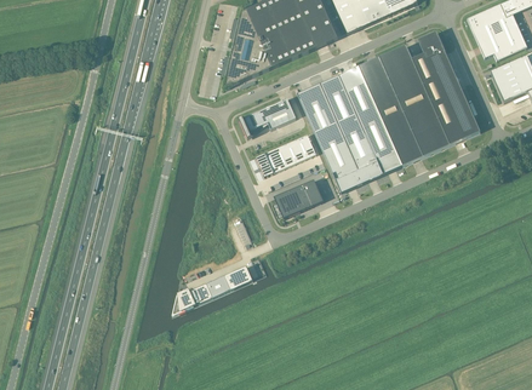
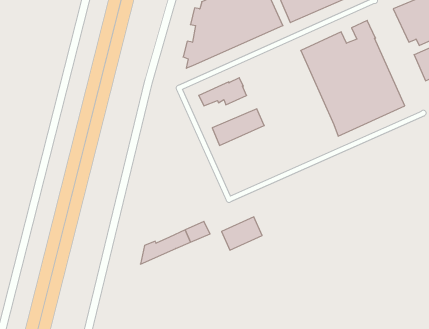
building: [293,64,402,193] -> none
building: [276,178,324,217] -> [222,217,262,250]

